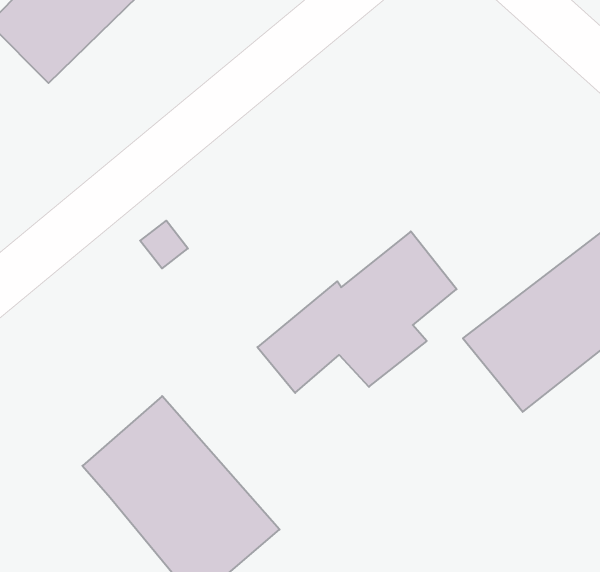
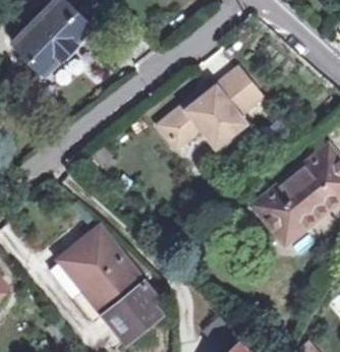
building: [257,231,457,393] -> [160,67,262,150]

